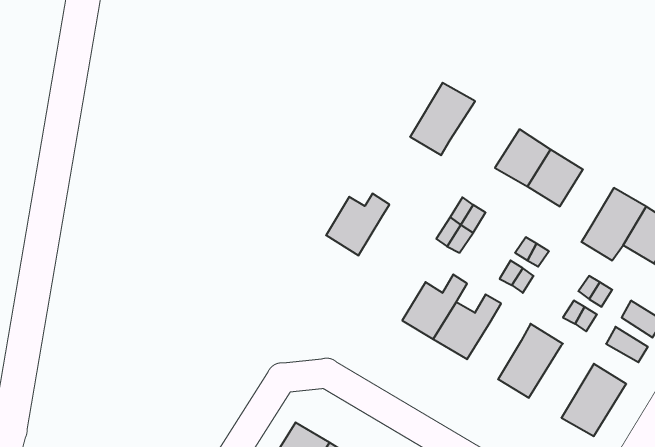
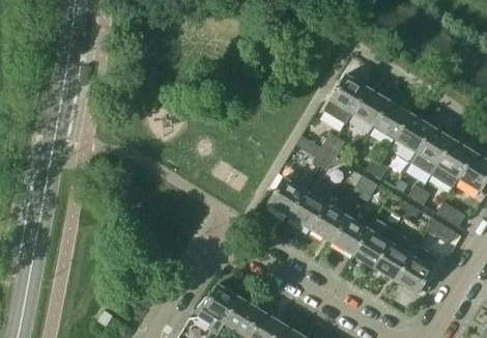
building: [410,83,475,155] -> [324,76,368,124]
building: none -> [395,115,431,153]
building: [326,194,389,255] -> [267,175,310,217]
building: none -> [333,218,369,256]
building: none -> [374,233,418,282]

